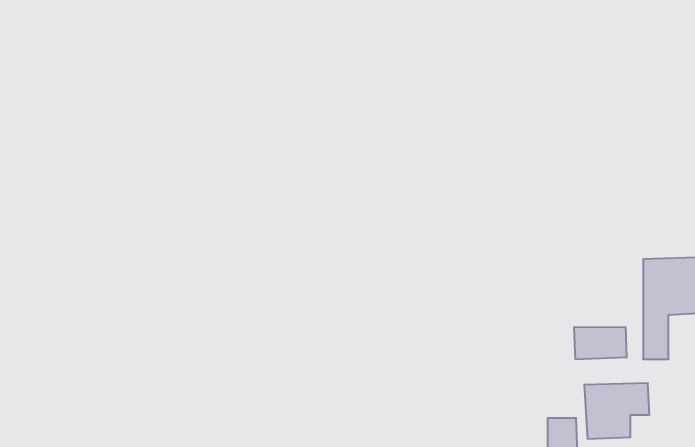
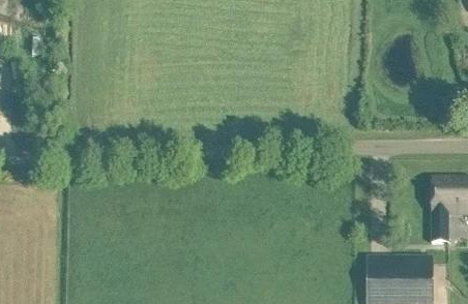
building: [574,327,627,359] -> none

